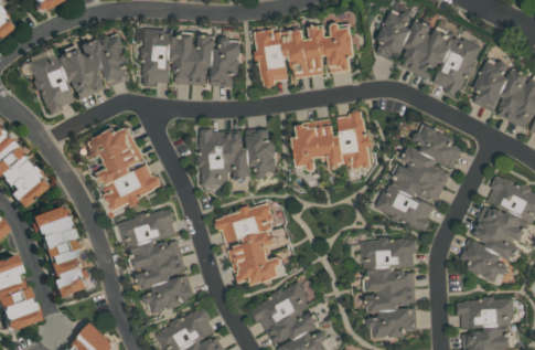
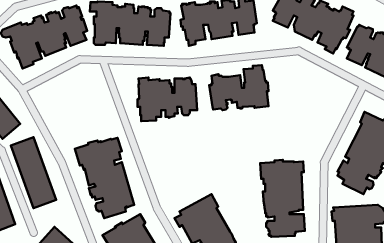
building: [375,123,463,231] -> none
building: [87,127,160,211] -> none
building: [215,202,282,286] -> none

